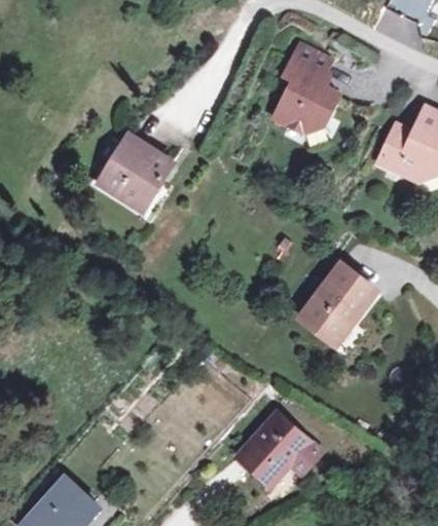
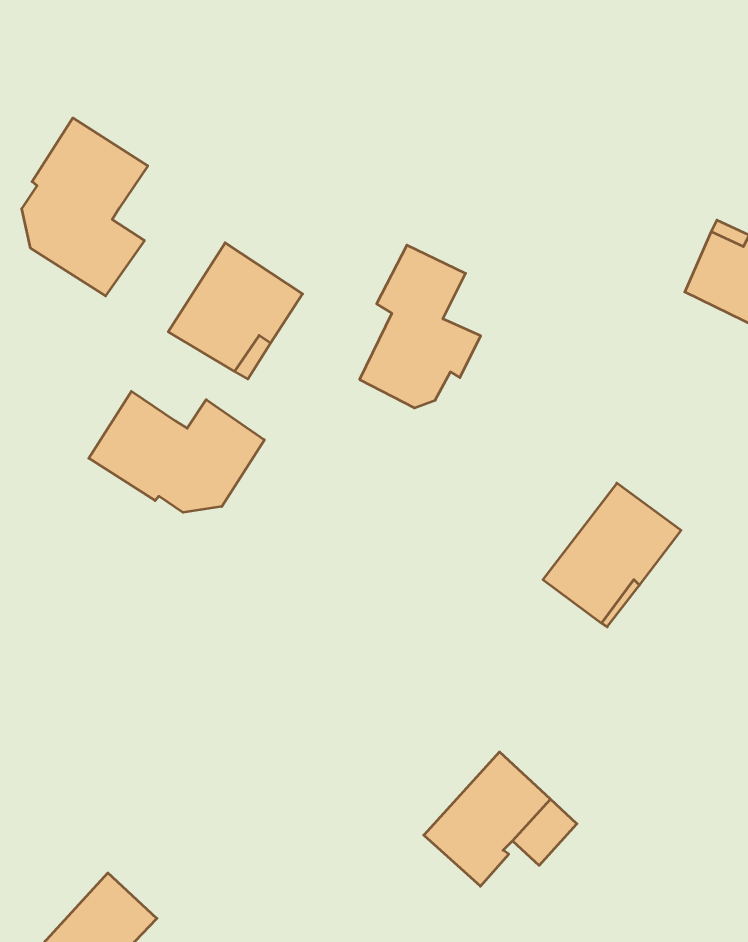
building: [273,44,339,133] -> [360,245,481,408]
building: none -> [22,118,148,296]
building: none -> [89,391,264,512]

